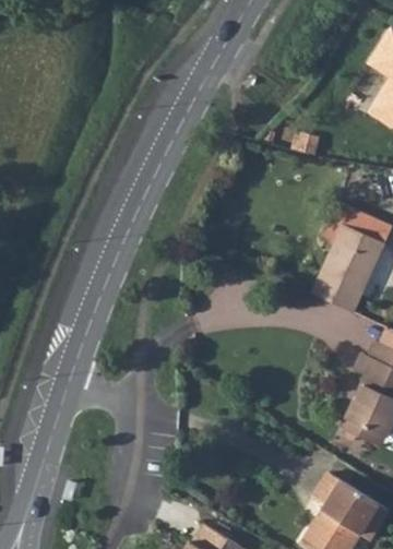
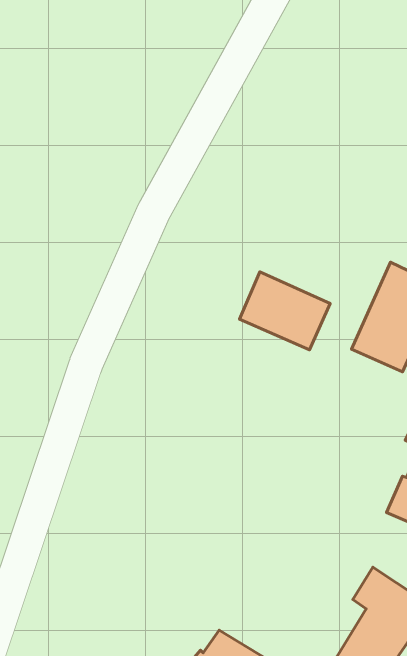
building: none -> [240,272,330,350]

